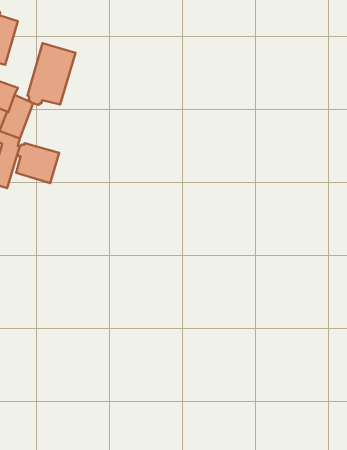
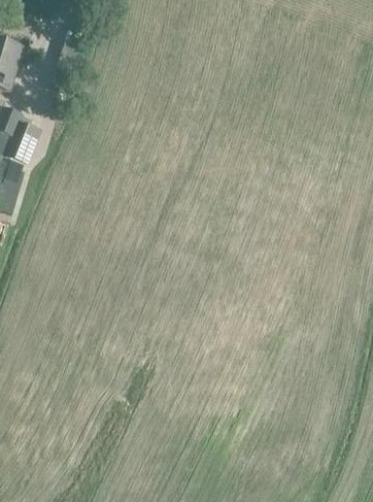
building: [28,43,76,105] -> none
building: [16,143,59,183] -> none

